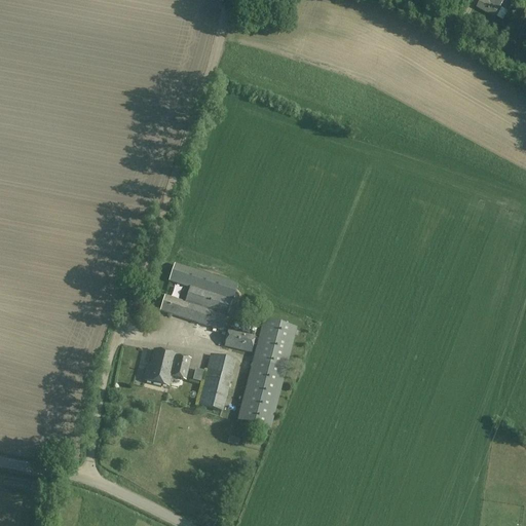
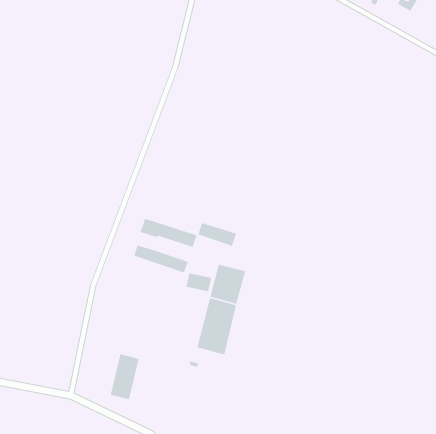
building: [185,285,232,314] -> [197,222,237,247]
building: [143,347,189,384] -> none
building: [197,352,233,409] -> [110,353,140,400]

